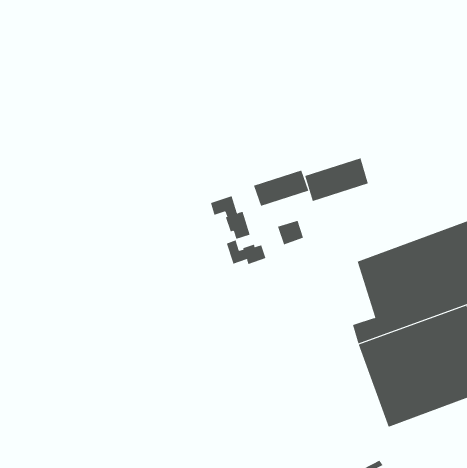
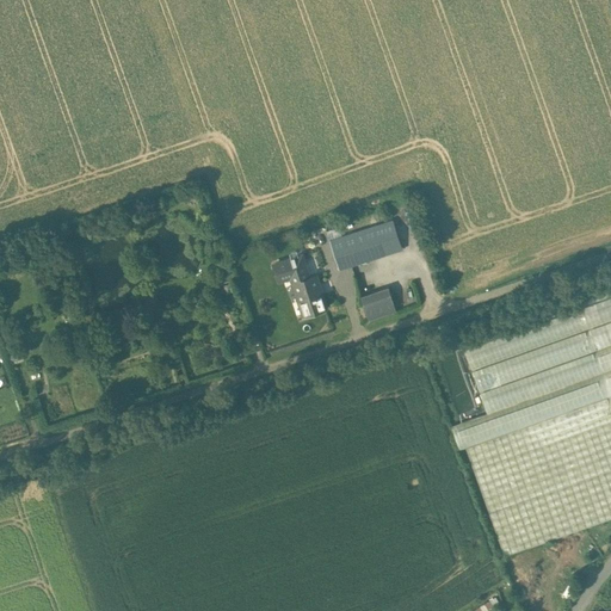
building: [305,158,369,202] -> none
building: [226,240,266,265] -> none

